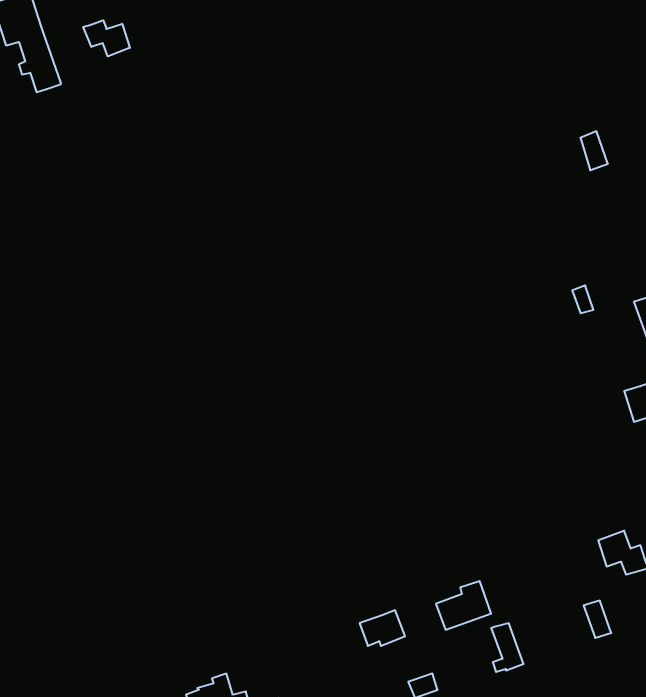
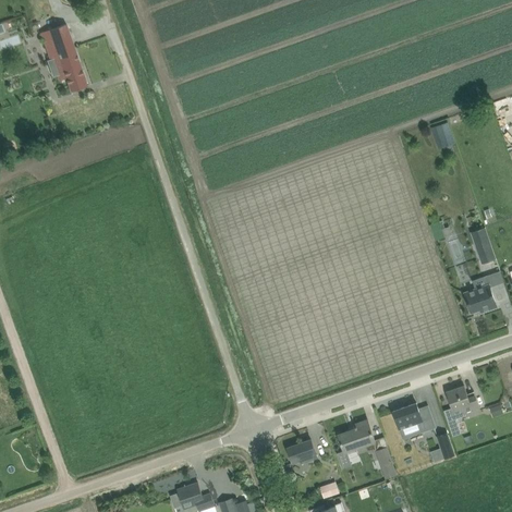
building: [83,20,130,56] -> none
building: none -> [392,404,436,440]

